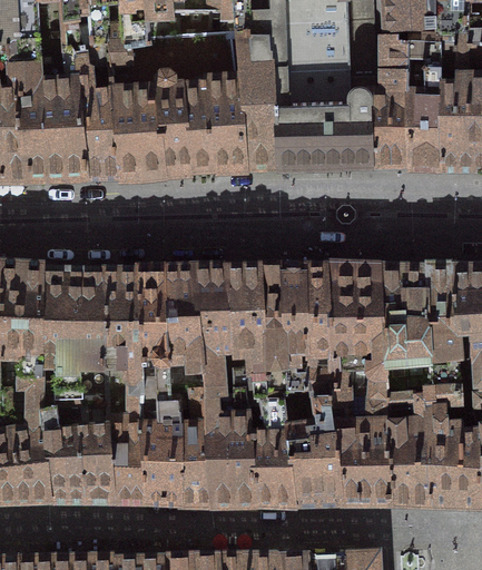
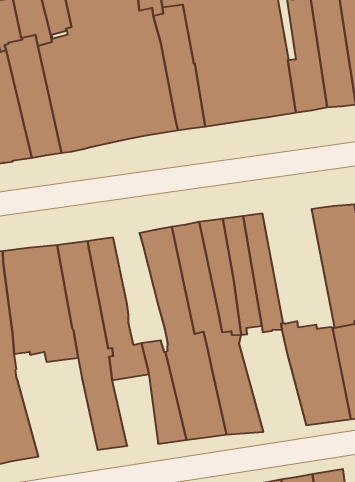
building: [326,268,387,401] -> none
building: [163,272,206,403] -> none
building: [39,383,116,498] -> none
building: [283,389,343,502] -> none
building: [141,424,181,500] -> none

